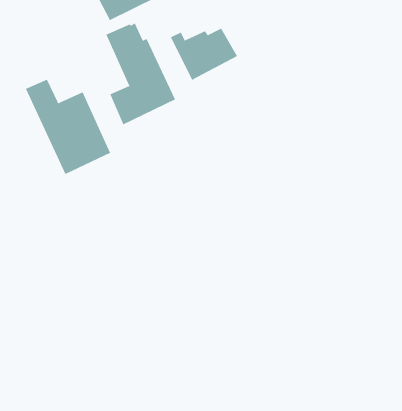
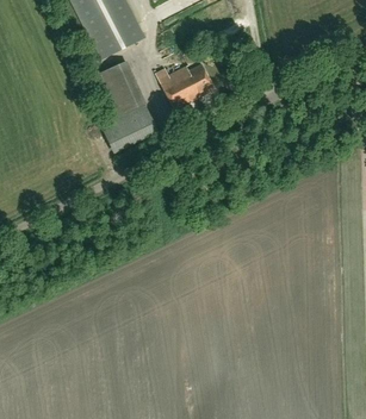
building: [25,79,111,175] -> none

